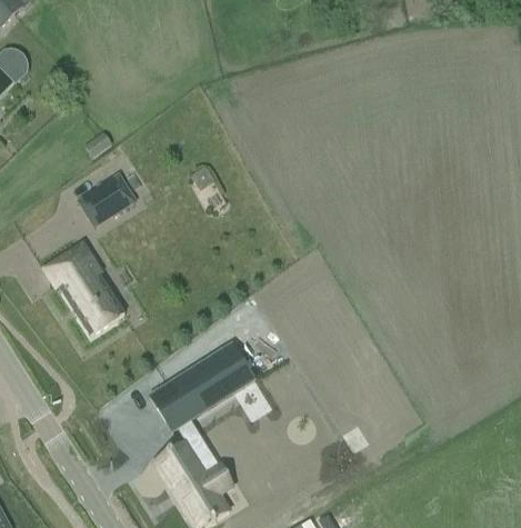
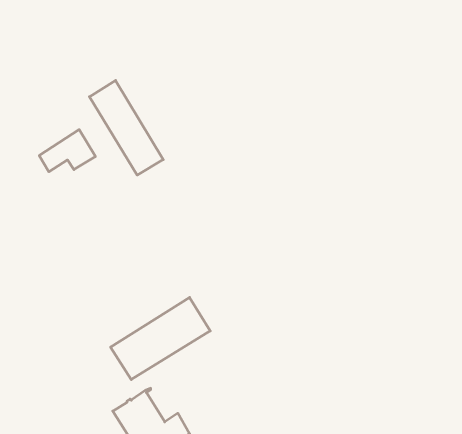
building: none -> [89,80,163,175]
building: [42,240,123,335] -> none

